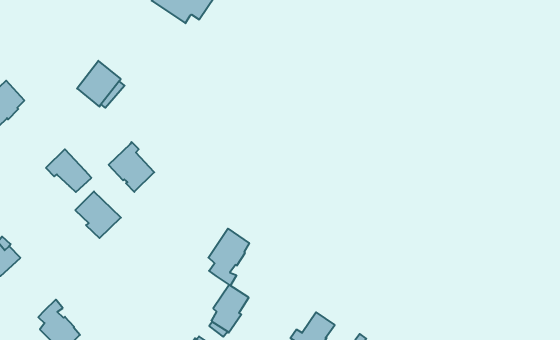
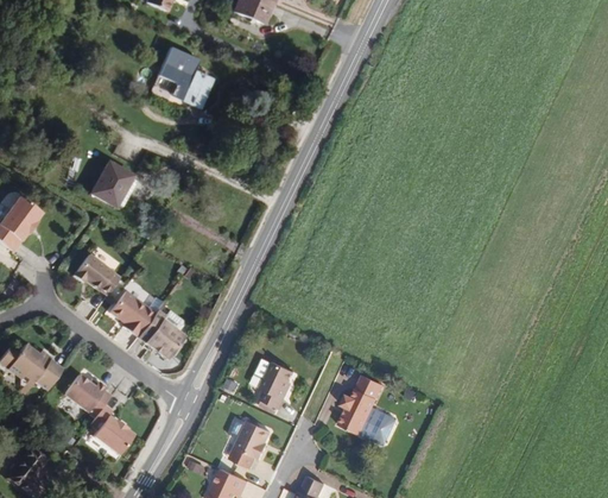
building: [109,142,154,192] -> [137,309,183,358]
building: [208,229,249,286] -> none
building: none -> [64,373,110,416]

